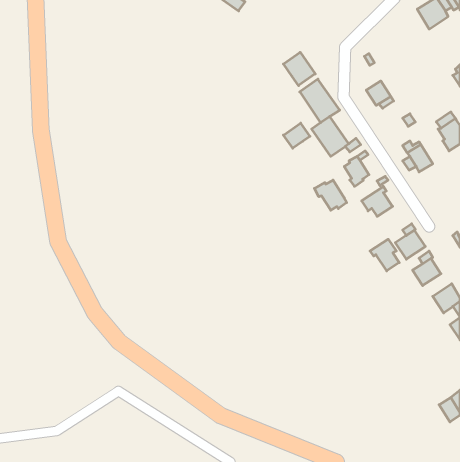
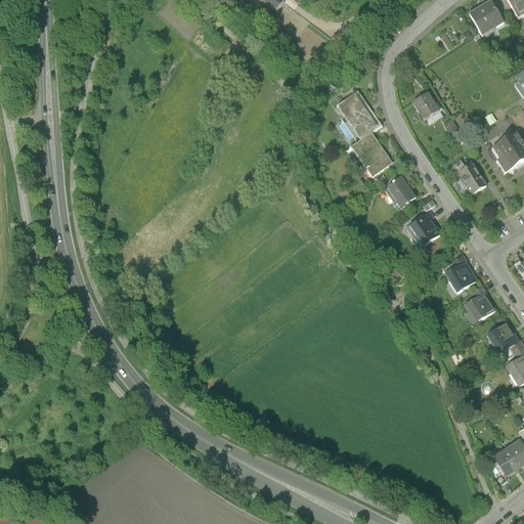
building: [283,52,315,86] -> none
building: [283,123,310,148] -> none
building: [314,180,347,210] -> none
building: [370,239,399,271] -> none

